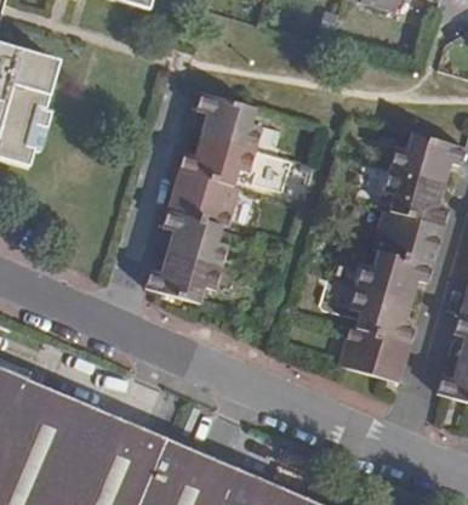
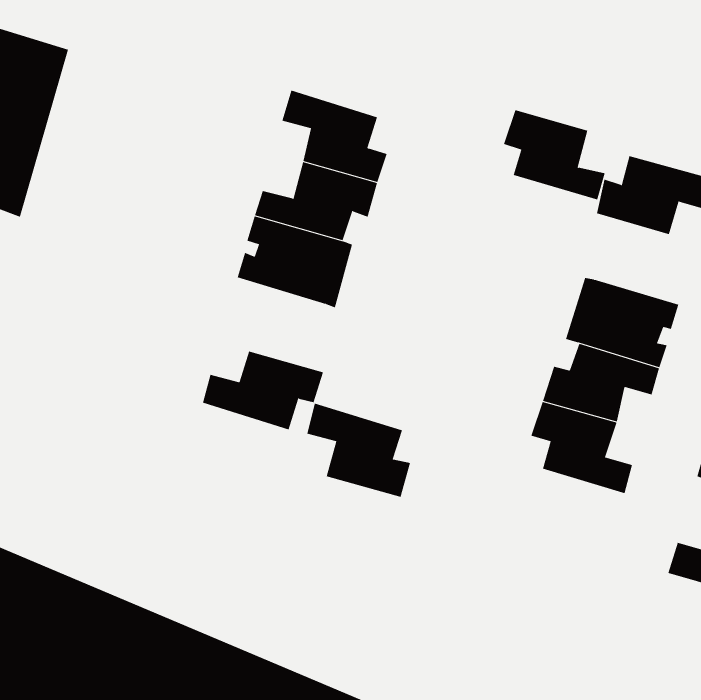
building: [383,168,447,225] -> [503,109,605,200]
building: [160,208,226,267] -> [306,403,411,498]
building: [338,325,409,384] -> none

